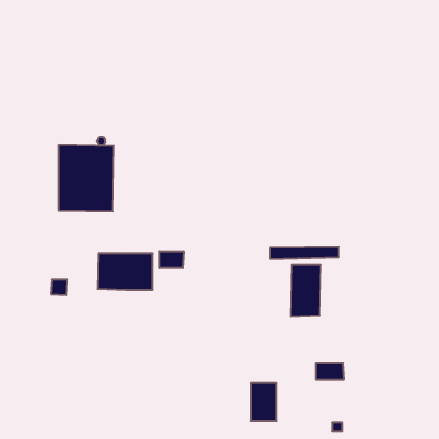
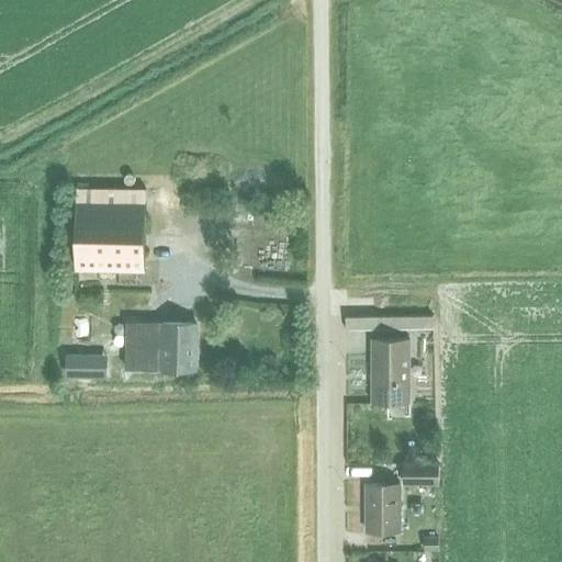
building: [159,251,184,268] -> none
building: [251,383,277,421] -> [366,485,398,533]

